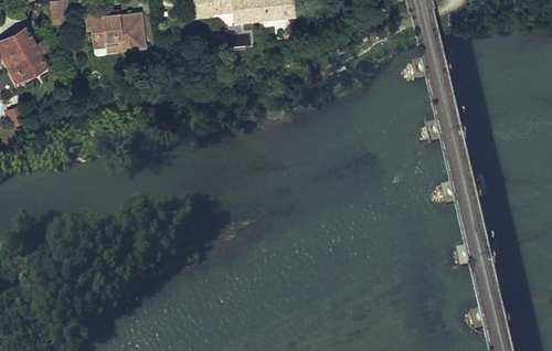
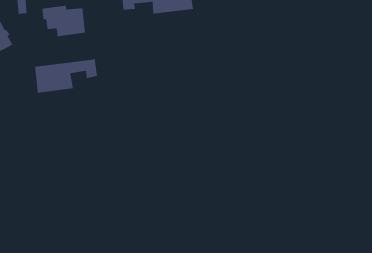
building: none -> [35,58,97,93]

